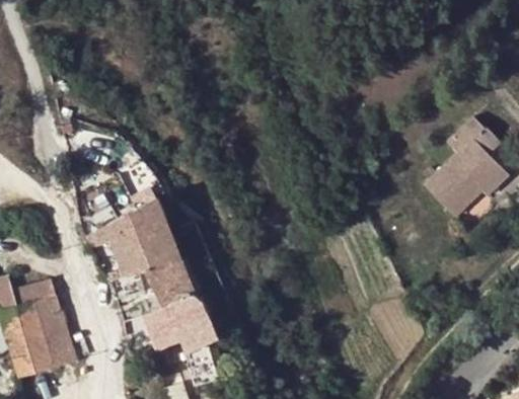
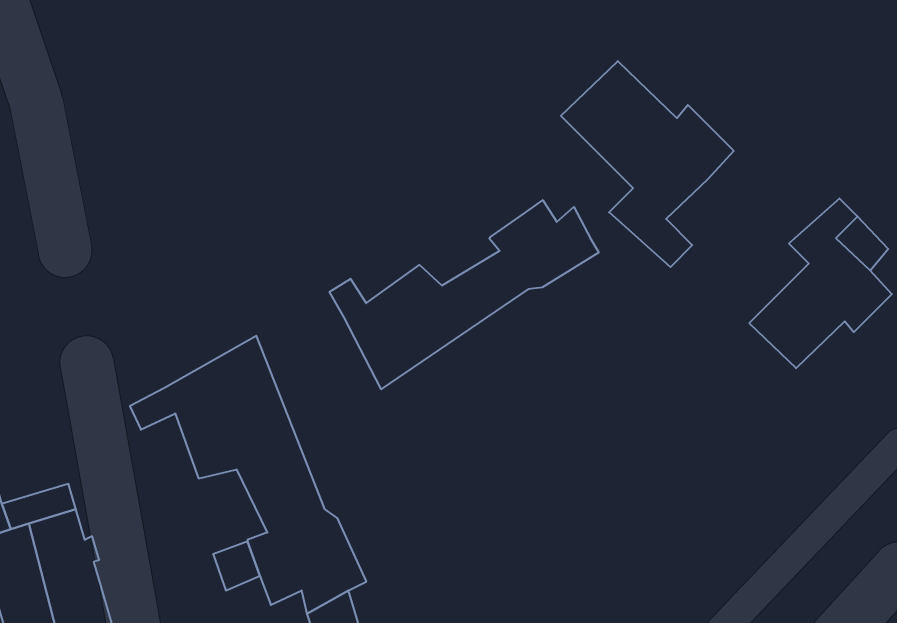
building: none -> [561,61,734,267]
building: none -> [330,200,599,389]

